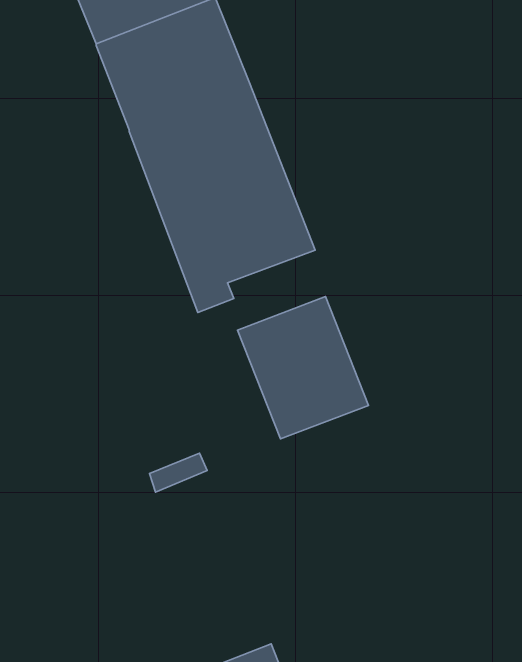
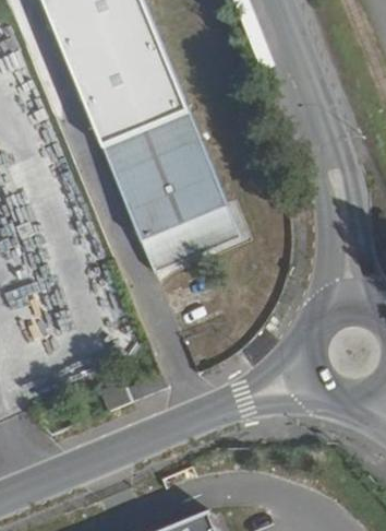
building: [238,296,368,439] -> none

